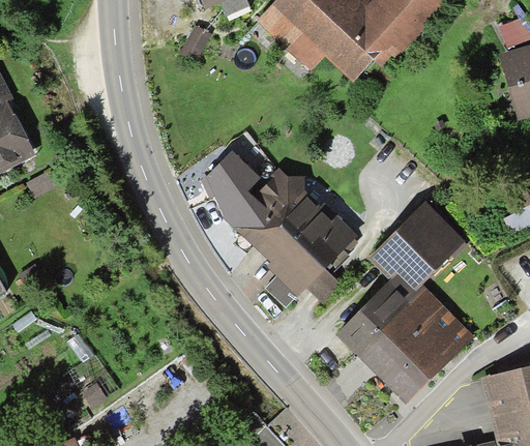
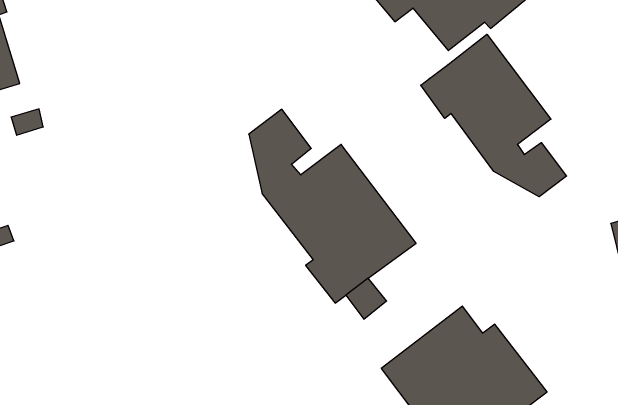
building: none -> [421,34,567,197]
building: [373,206,466,299] -> none

